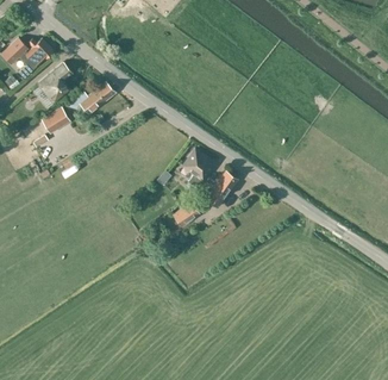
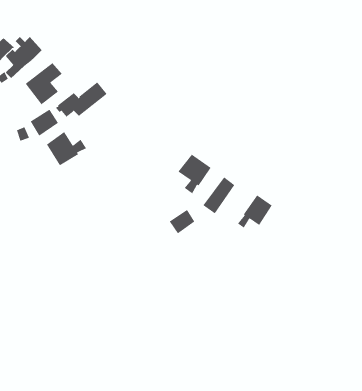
building: none -> [46,131,87,166]
building: none -> [237,195,272,228]

